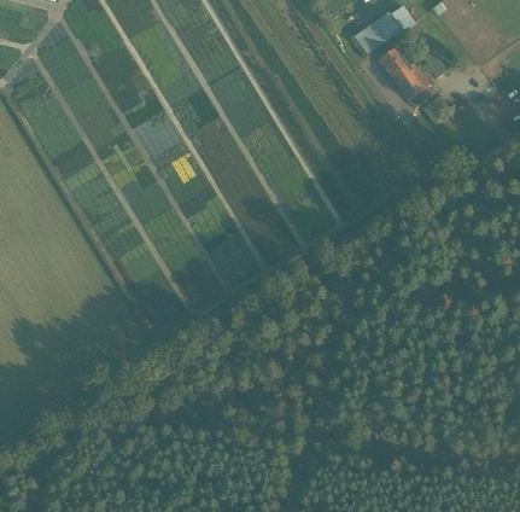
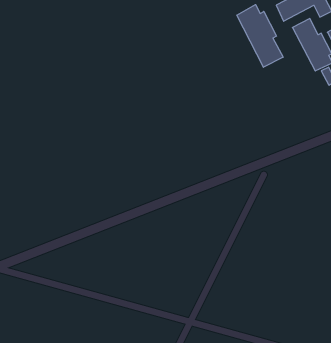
building: none -> [237,5,283,67]

